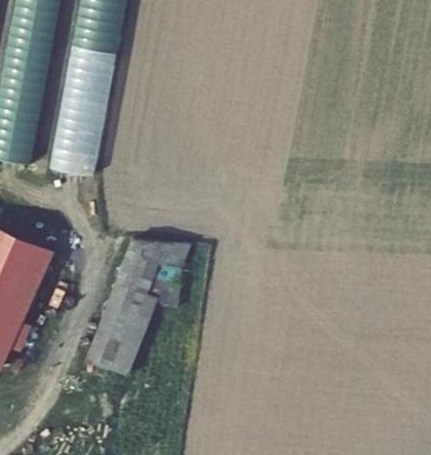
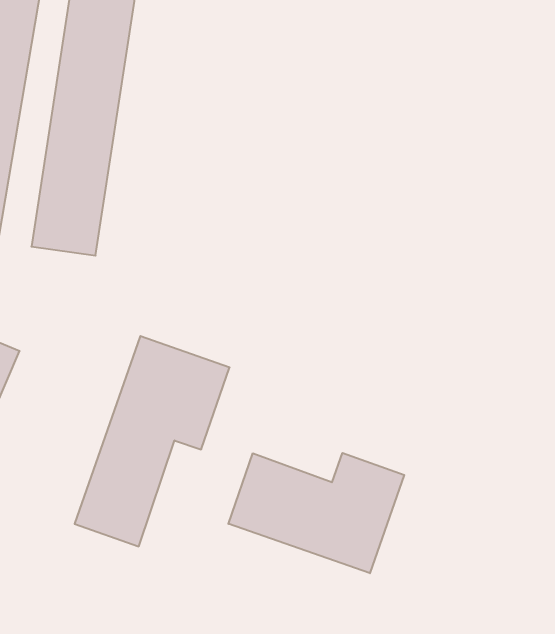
building: none -> [228,453,404,573]

